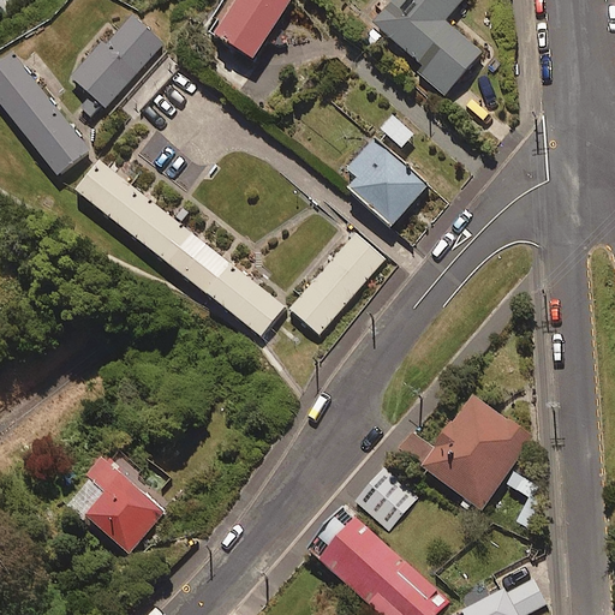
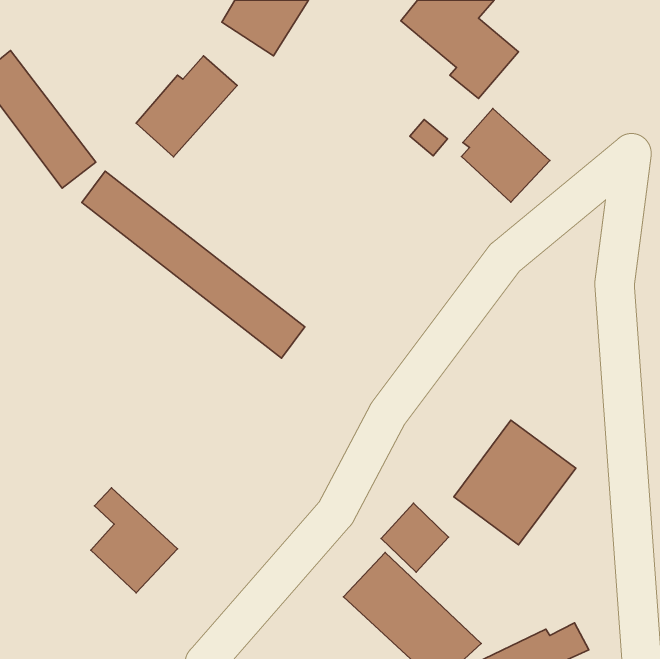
building: [70,16,163,109] -> [136,56,237,157]
building: [346,137,428,223] -> [462,109,550,202]
building: [288,235,383,336] -> none

